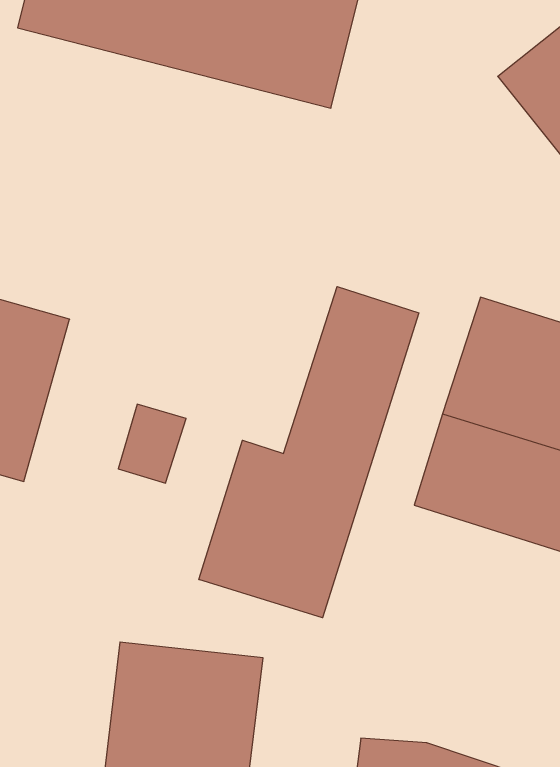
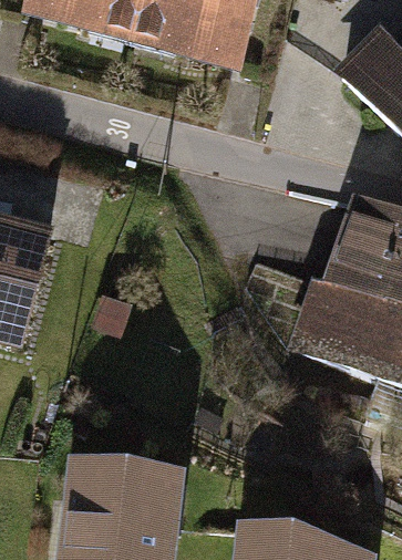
building: [199,287,419,618] -> none

